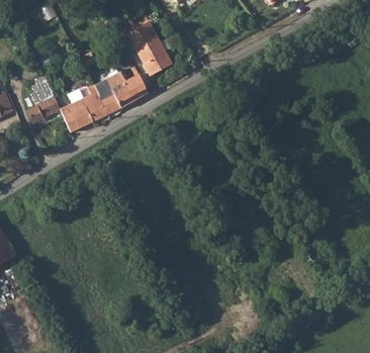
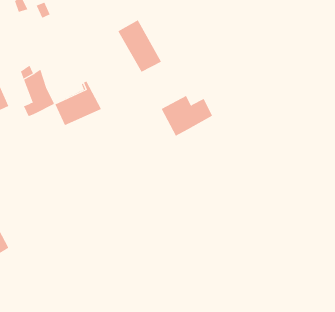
building: [94,72,148,114] -> [161,95,213,137]

